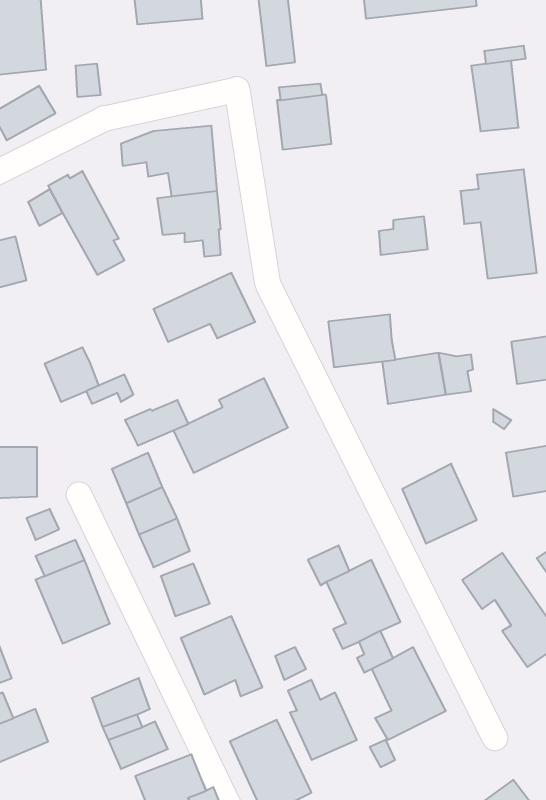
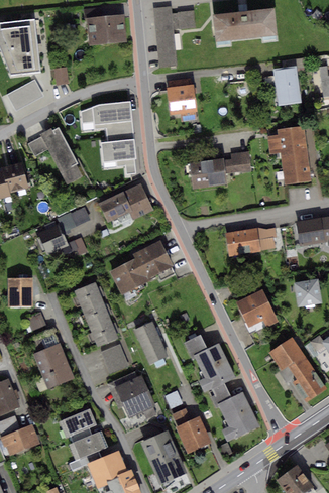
building: [328,314,396,367] -> [189,158,226,188]
building: [125,400,189,446] -> [56,207,91,232]
building: none -> [133,322,168,363]

